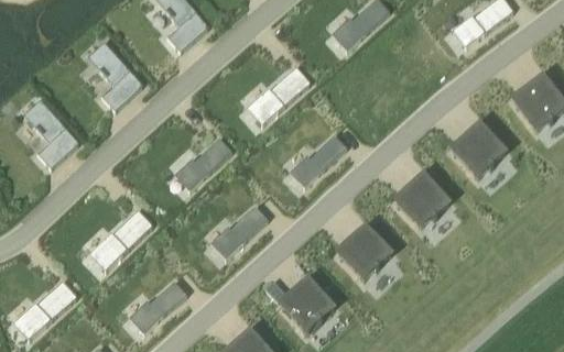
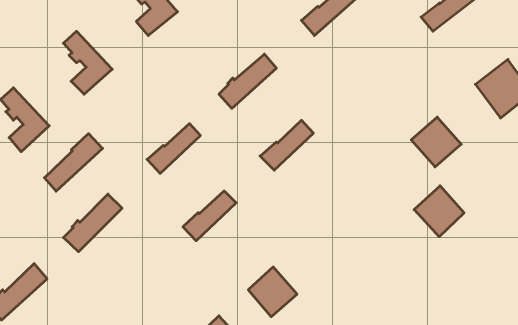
building: none -> [44,134,103,191]
building: [390,180,441,232] -> [414,186,464,237]
building: [335,231,386,283] -> none
building: [132,280,186,330] -> none

